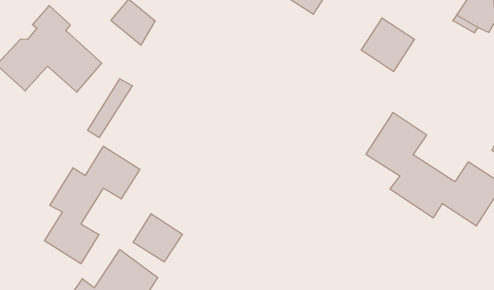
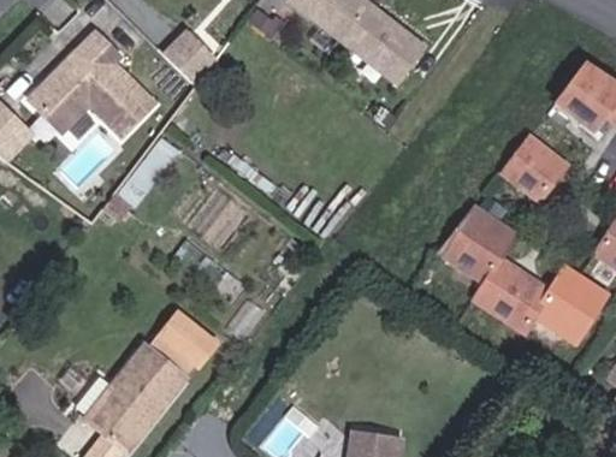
building: [361,18,415,71] -> [508,137,571,201]
building: [44,146,140,264] -> none

